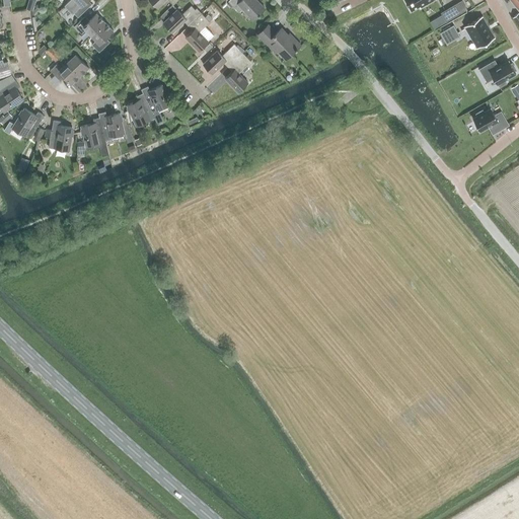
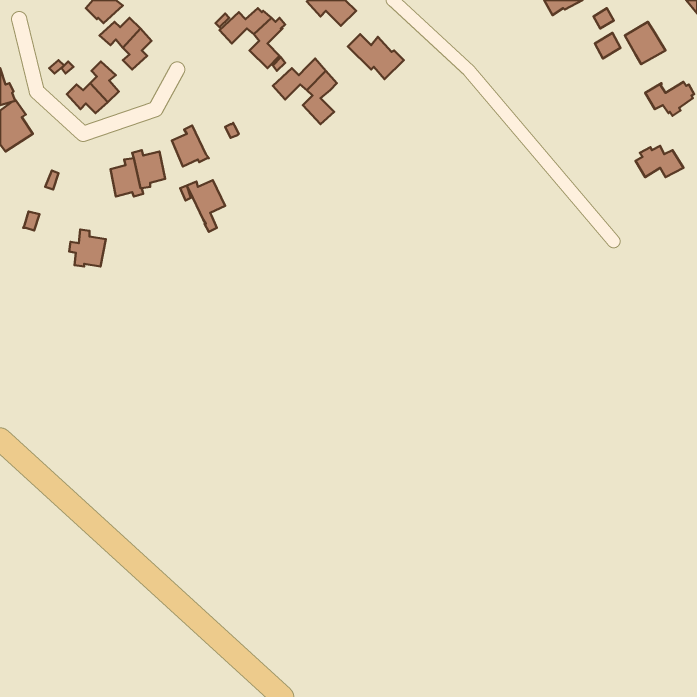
building: [141,85,169,124] -> [187,180,225,232]
building: [14,108,44,139] -> none
building: [45,121,72,148] -> [69,230,106,266]

